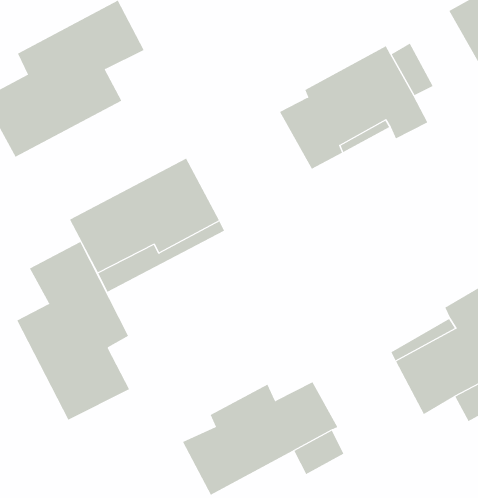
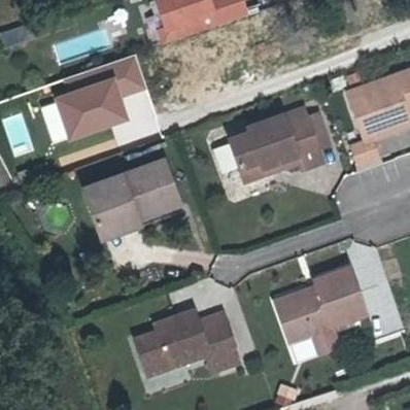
building: [17,241,130,420] -> none

